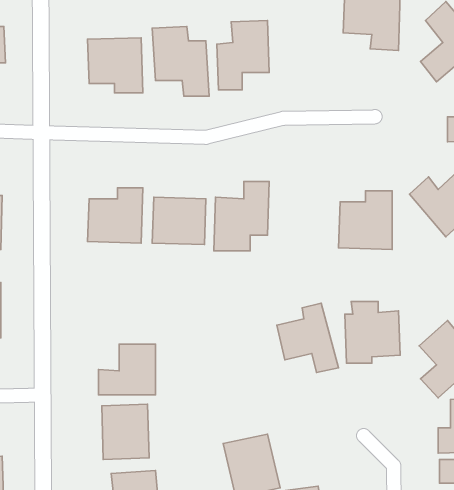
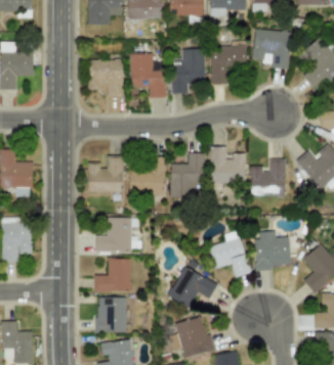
building: none -> [210,43,247,84]
building: none -> [210,145,246,183]
building: none -> [95,217,138,250]
building: none -> [167,266,217,308]

